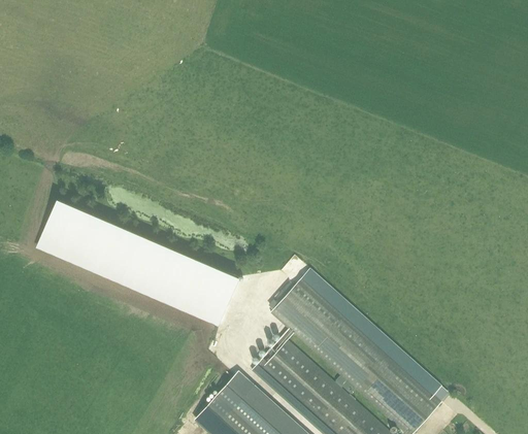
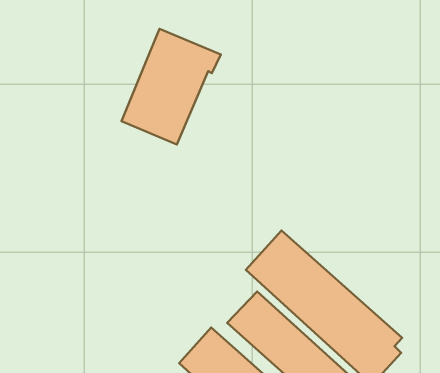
building: none -> [122,29,221,144]
building: [36,199,237,322] -> none

